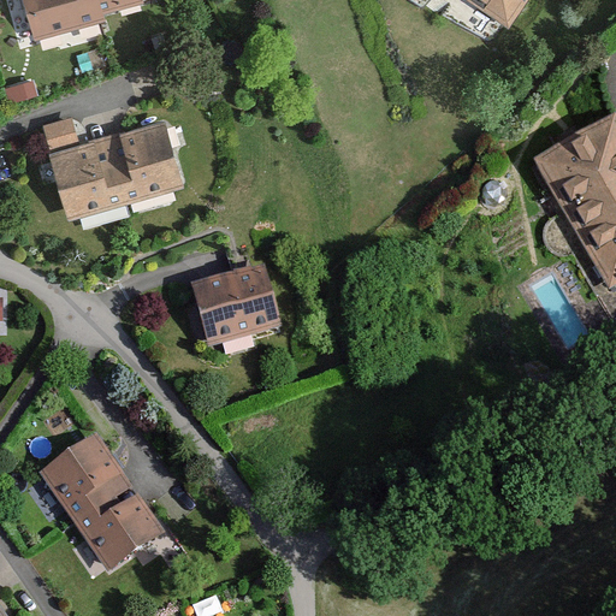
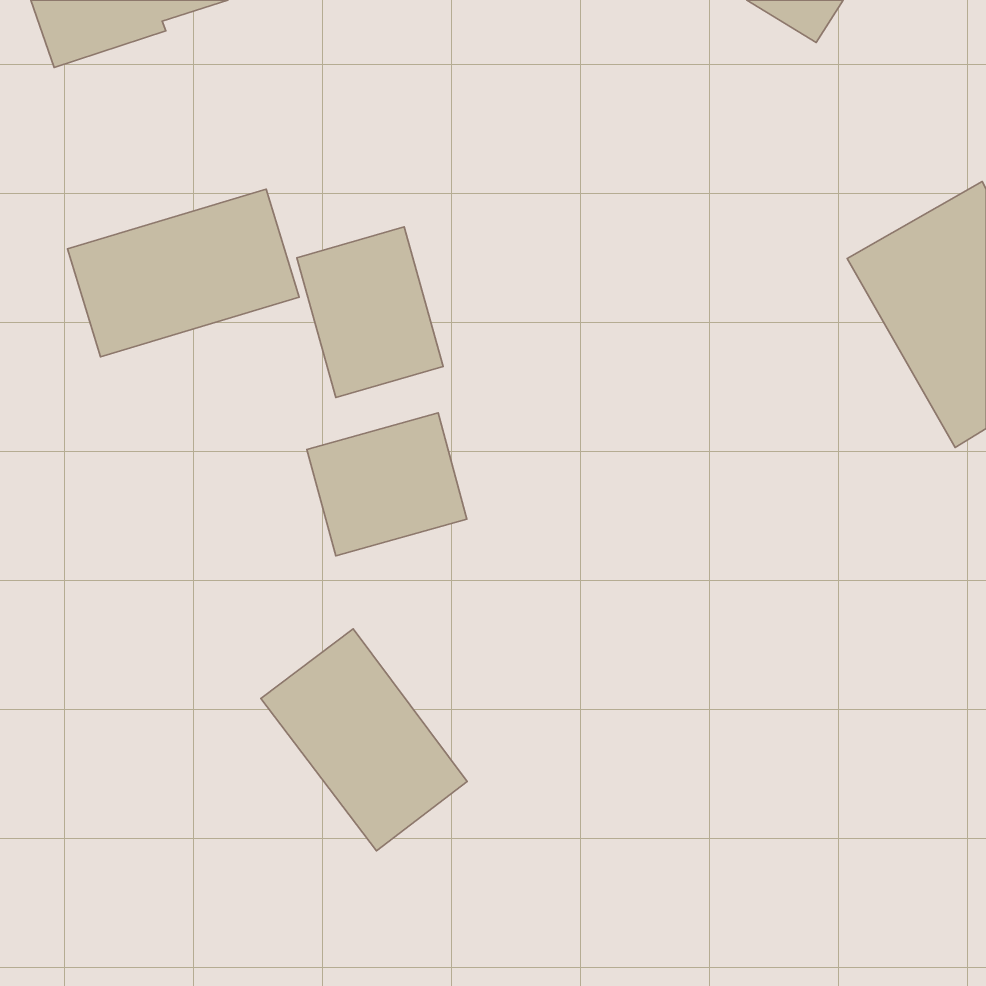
building: none -> [297,227,443,397]
building: [38,433,167,571] -> [261,629,467,851]

